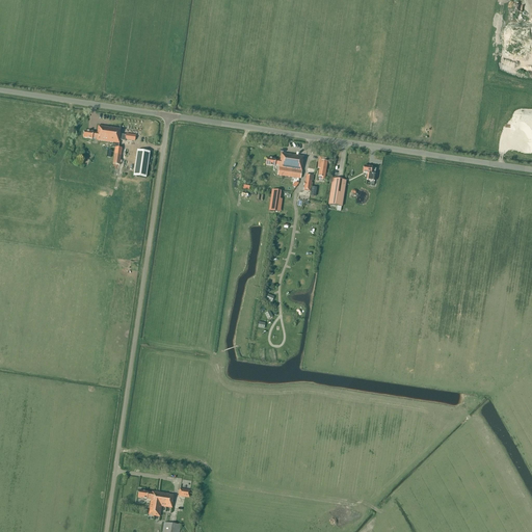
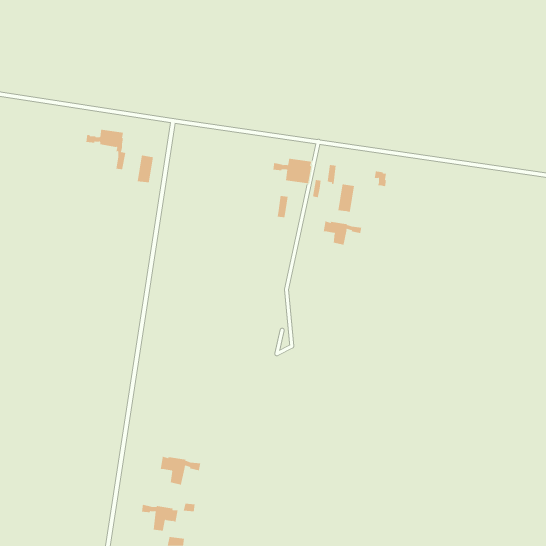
building: none -> [323,221,362,245]
building: none -> [160,456,201,486]

